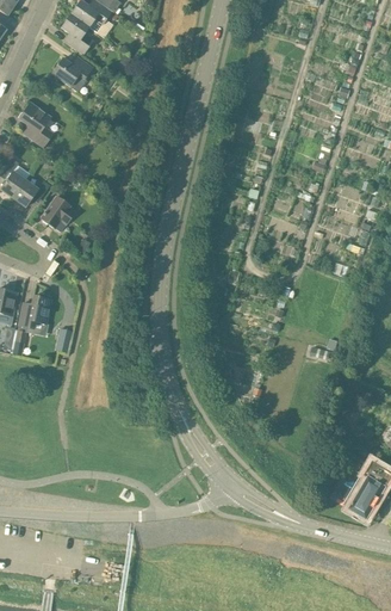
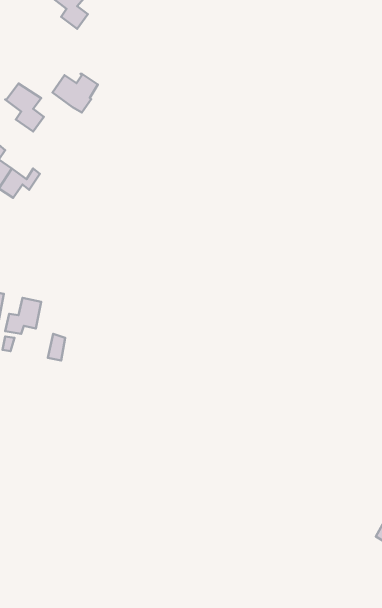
building: [52,56,93,91] -> [52,74,98,113]
building: [42,196,75,230] -> none

